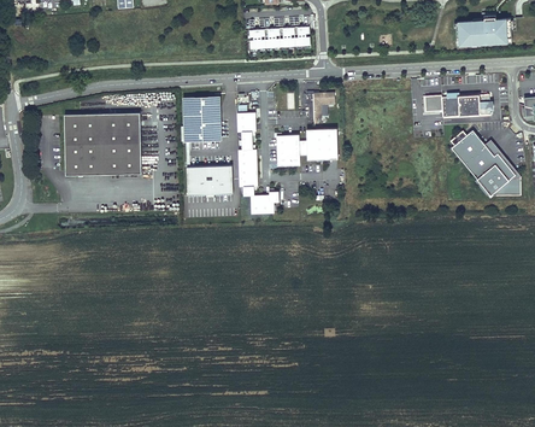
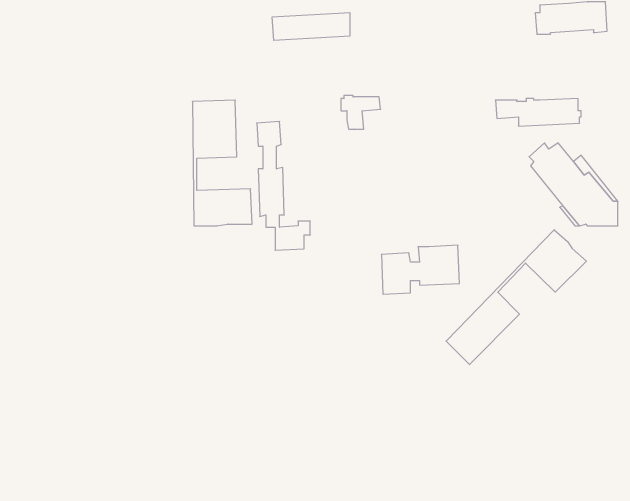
building: [64,113,141,177] -> none
building: [276,128,337,166] -> [381,245,459,294]
building: none -> [446,230,586,365]

